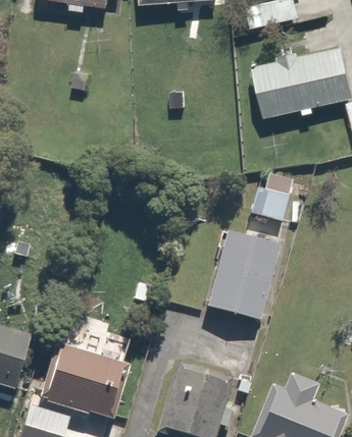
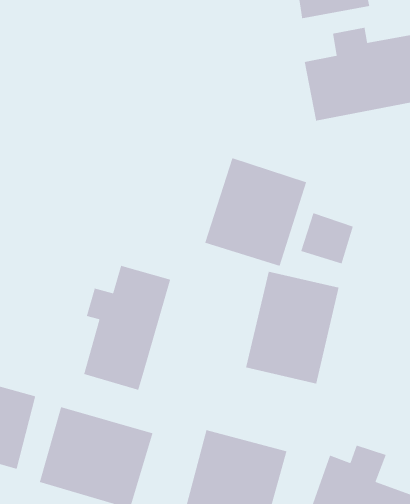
building: none -> [204,157,307,267]
building: none -> [83,265,171,391]

